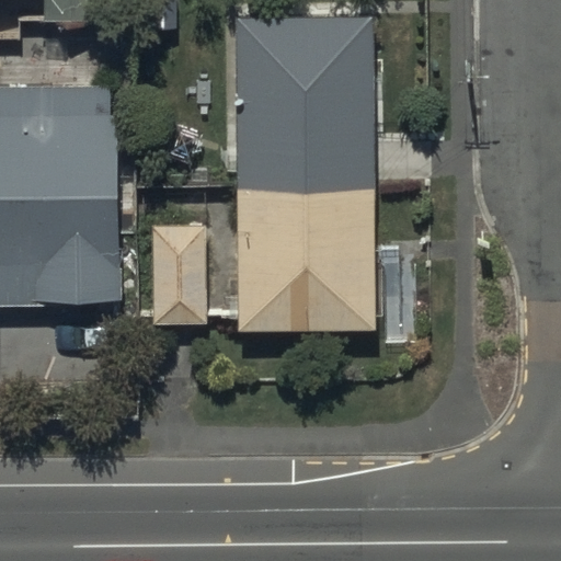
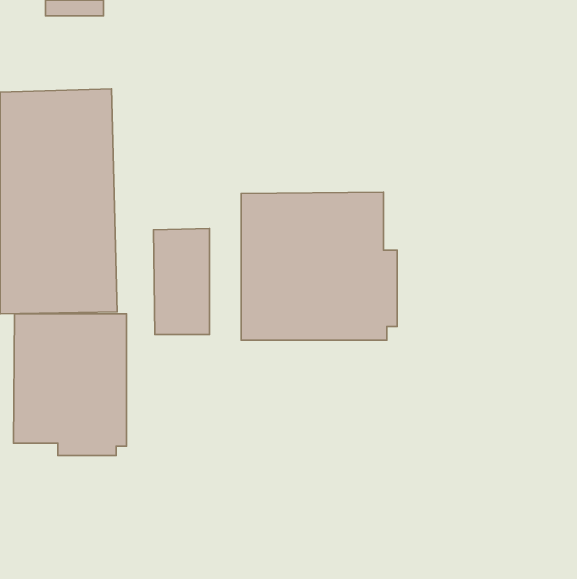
building: [237,14,374,188] -> none
building: none -> [14,314,127,456]

